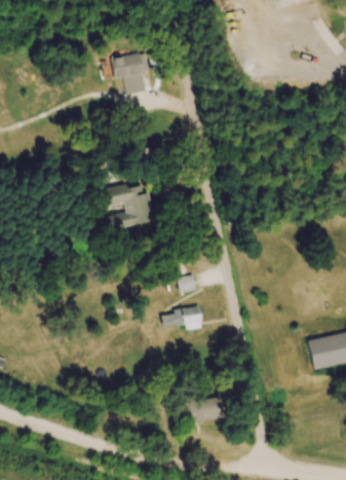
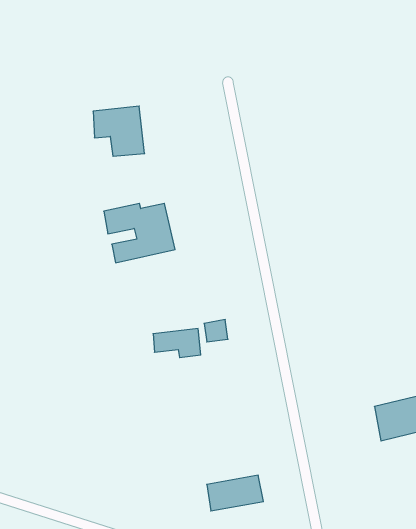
building: [111,53,151,93] -> [93,106,145,156]
building: [165,307,202,330] -> [153,329,201,358]

